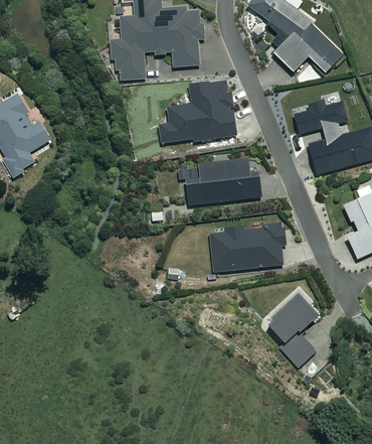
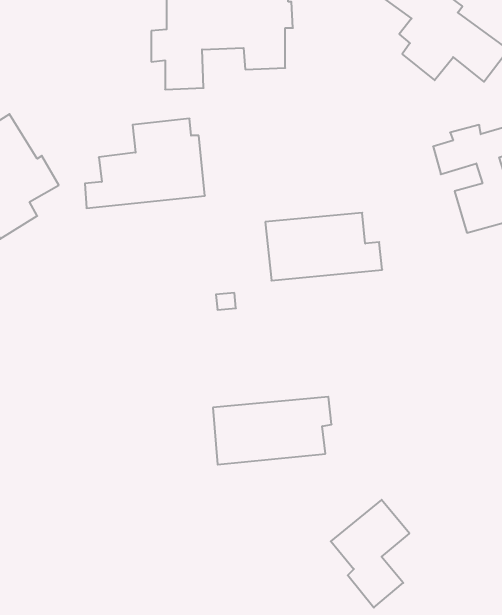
building: [158,83,236,141] -> [85,119,205,208]
building: [209,226,287,270] -> [213,397,332,465]
building: [268,297,320,367] -> [331,500,409,608]

